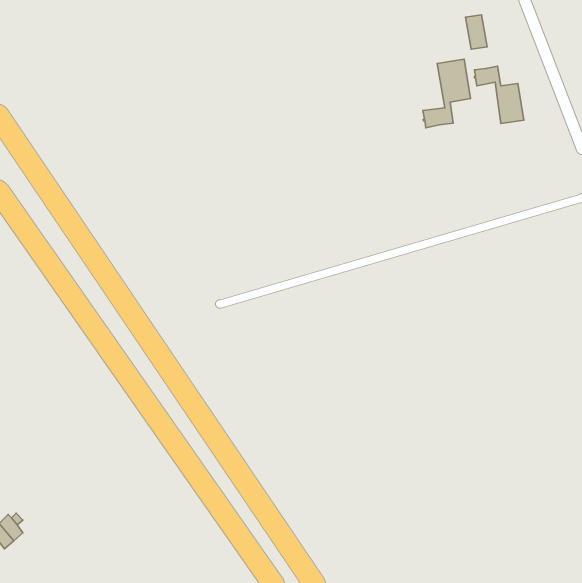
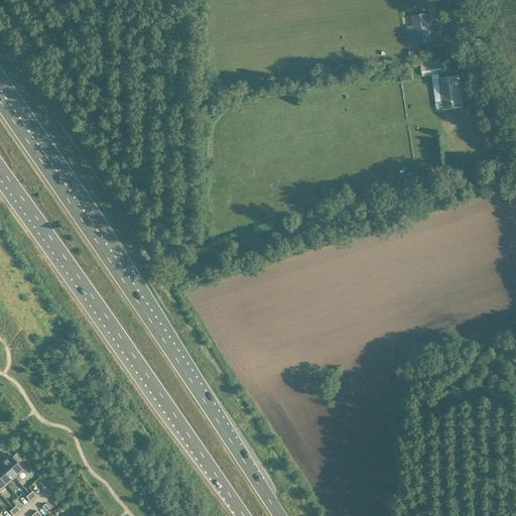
building: [423,59,470,128] -> none

